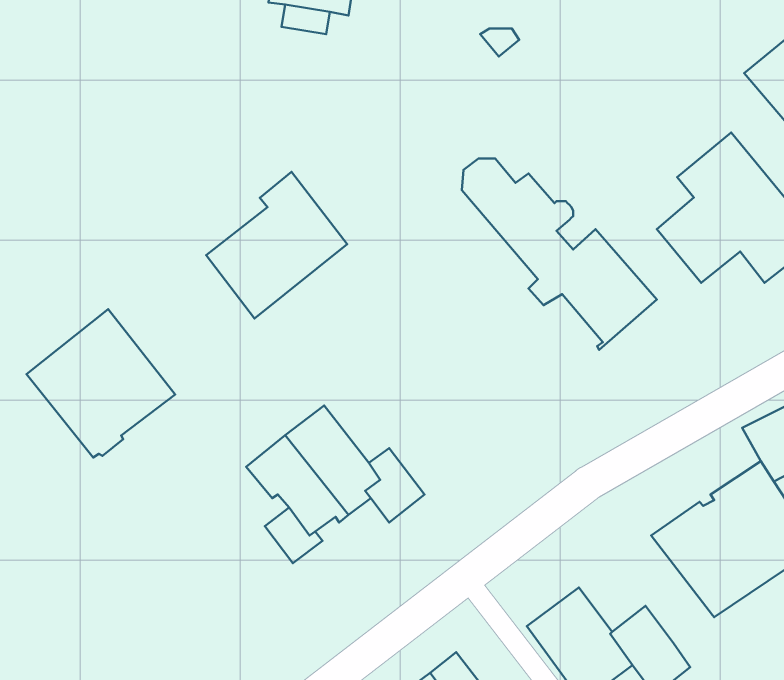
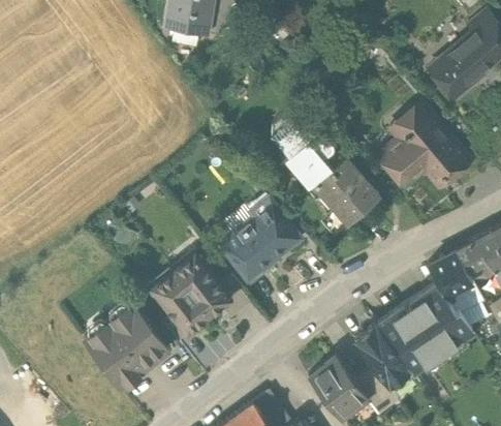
building: [206,172,347,318] -> [220,201,299,282]
building: [26,309,175,458] -> [85,303,167,386]
building: none -> [353,326,410,388]

